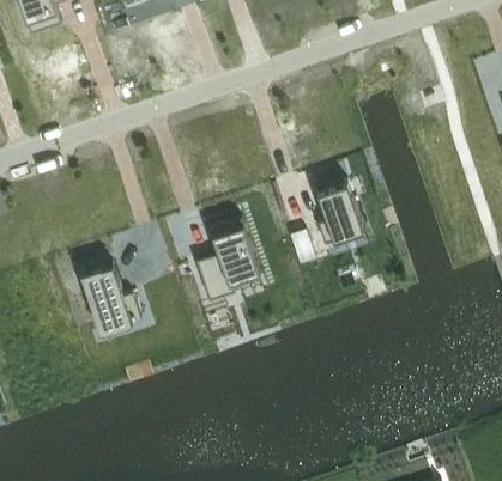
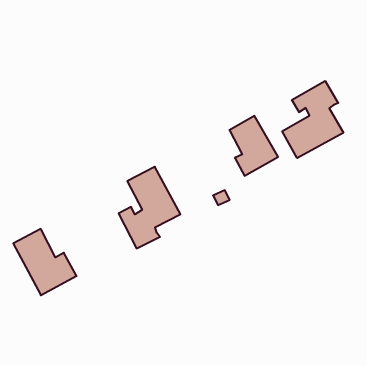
building: none -> [282,81,343,158]

